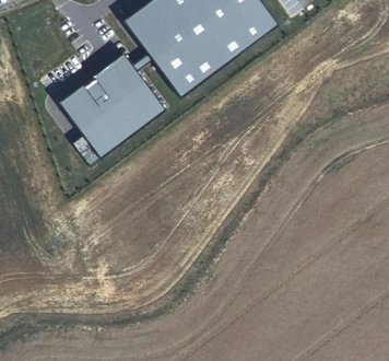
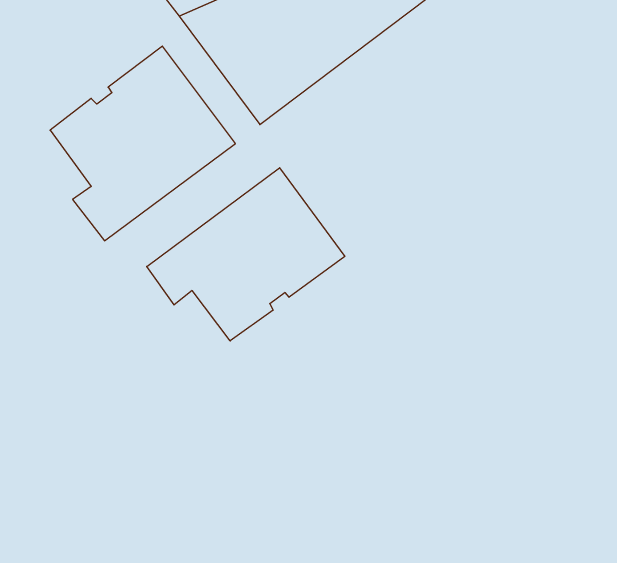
building: none -> [147,168,345,341]

